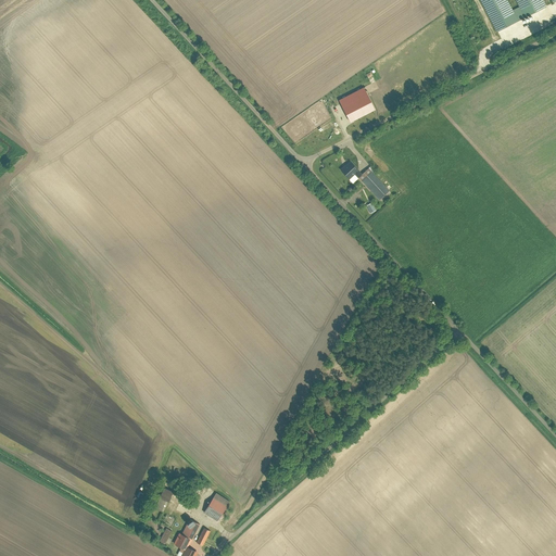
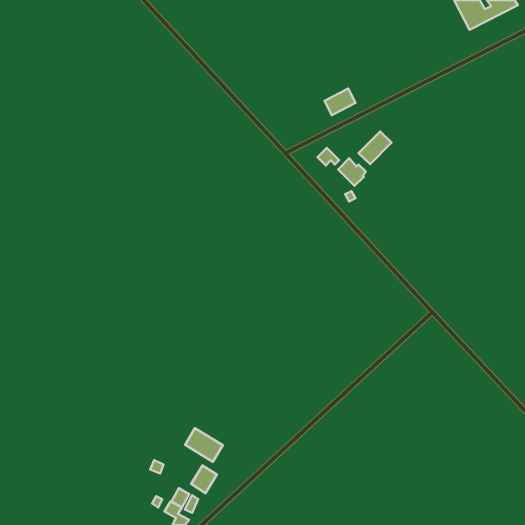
building: none -> [359,132,392,164]
building: none -> [185,428,223,462]

